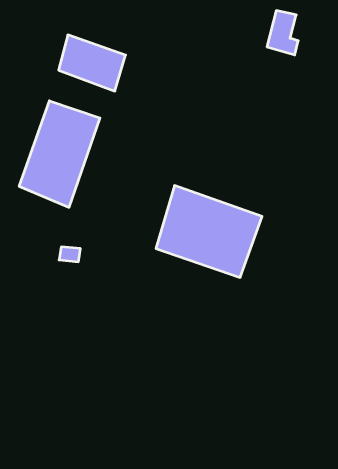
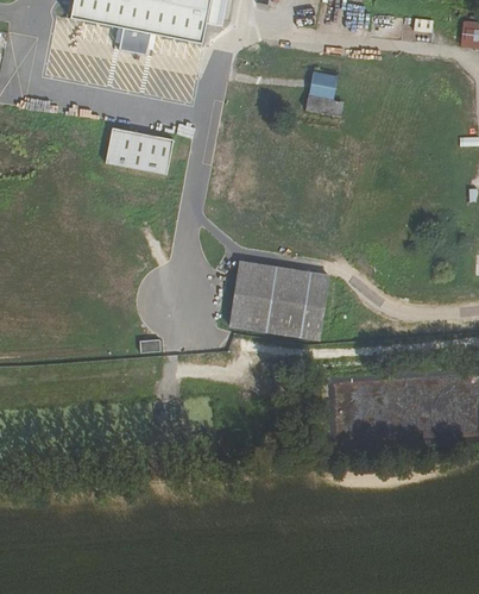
building: [19,101,100,207] -> none

